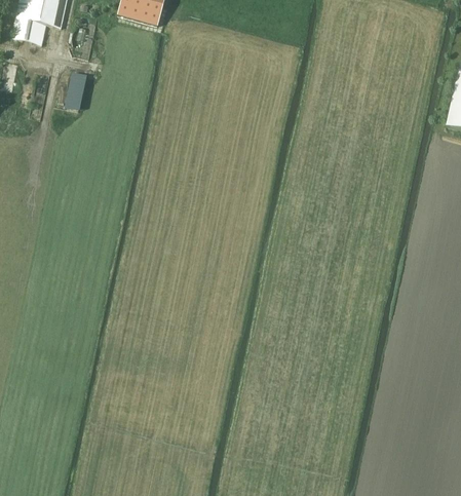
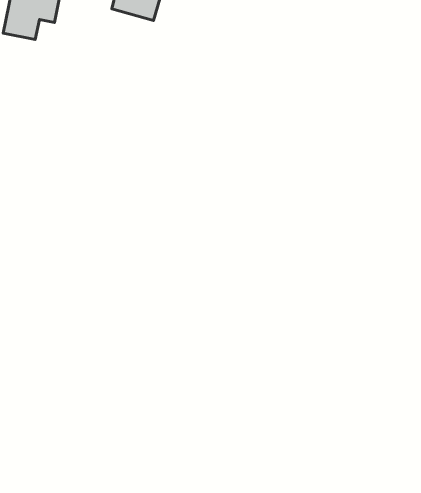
building: [66,69,88,108] -> none

